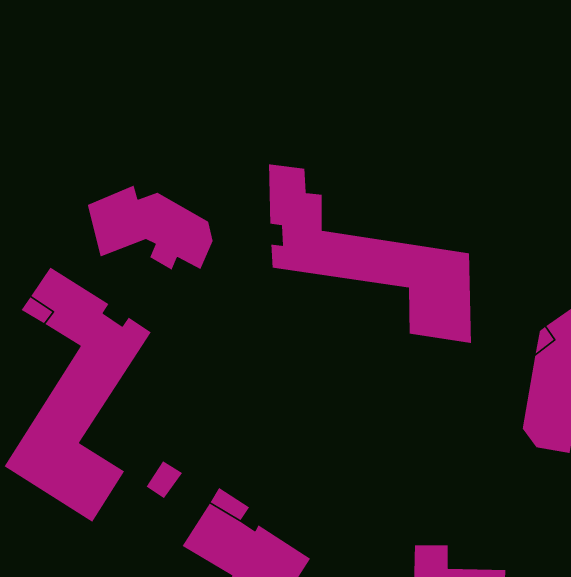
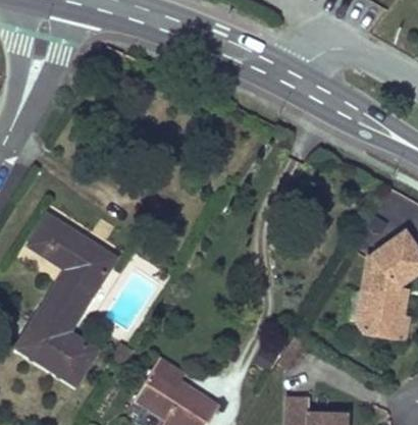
building: [268,164,472,344] -> none
building: [87,185,214,271] -> none

